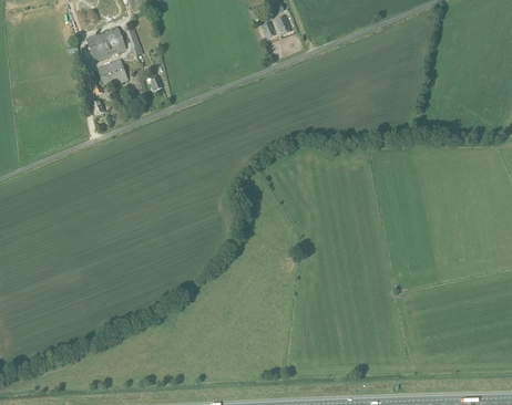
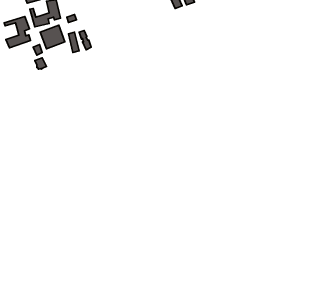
building: none -> [4,17,31,48]

